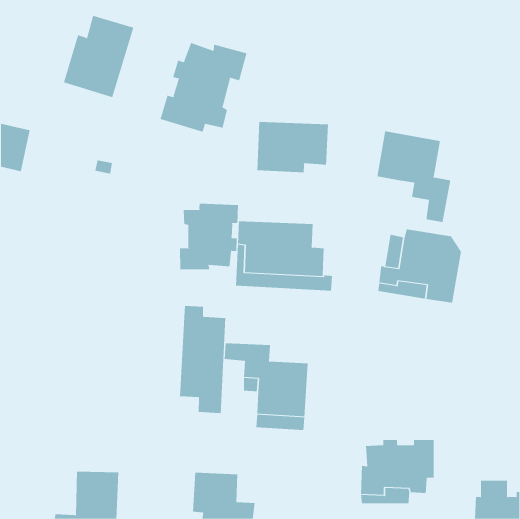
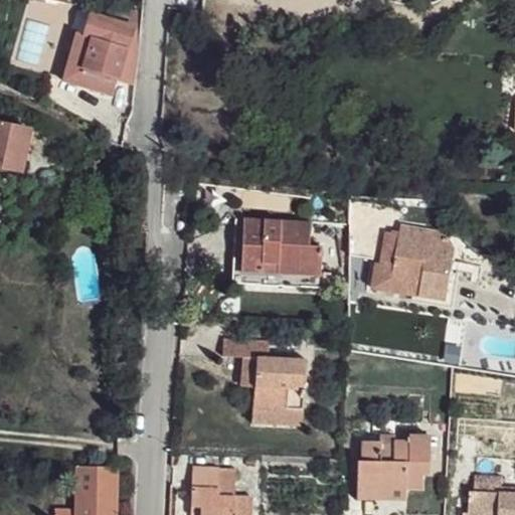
building: [160,42,247,133] -> none
building: [257,121,329,173] -> none
building: [377,131,451,223] -> none
building: [180,203,239,270] -> none
building: [179,305,226,414] -> none

